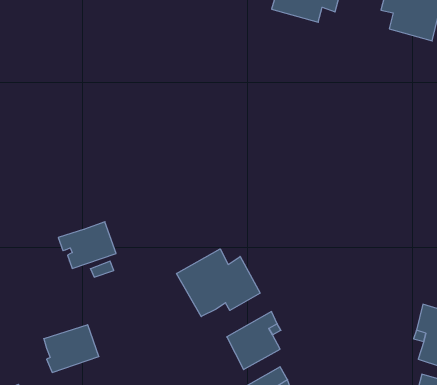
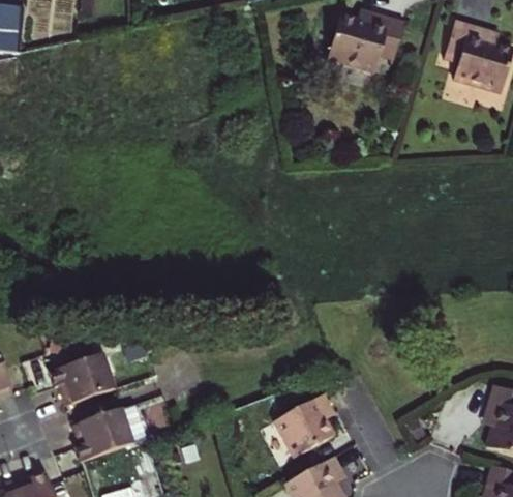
building: [58,222,116,268] -> [51,353,115,405]
building: [177,249,260,317] -> none

